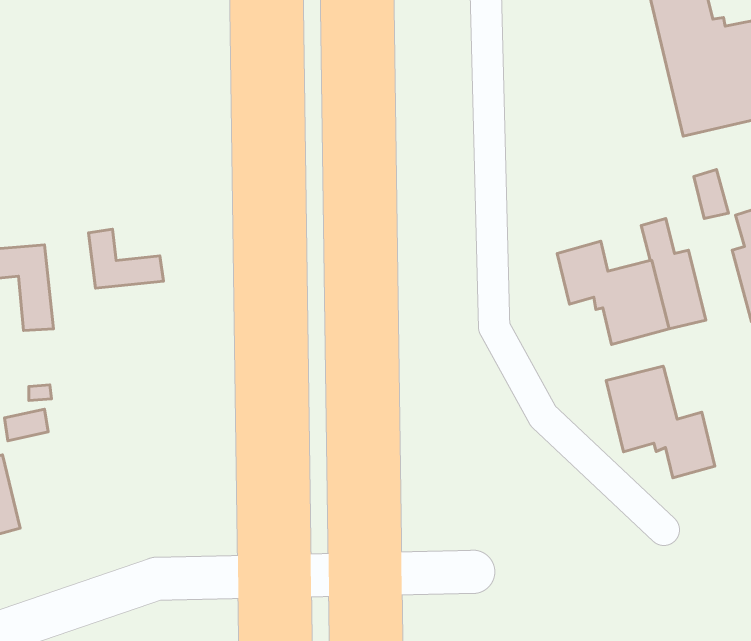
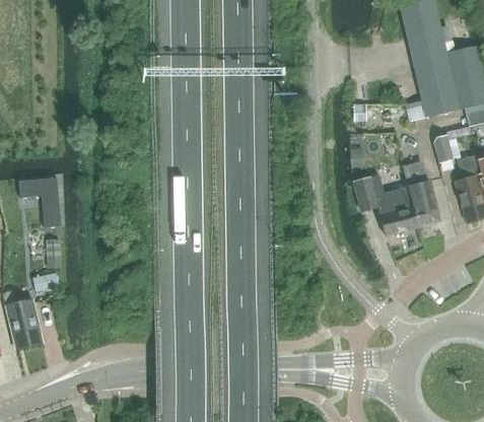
building: [89,229,164,288] -> none
building: [606,366,715,478] -> none

